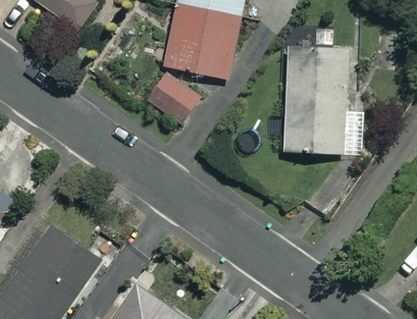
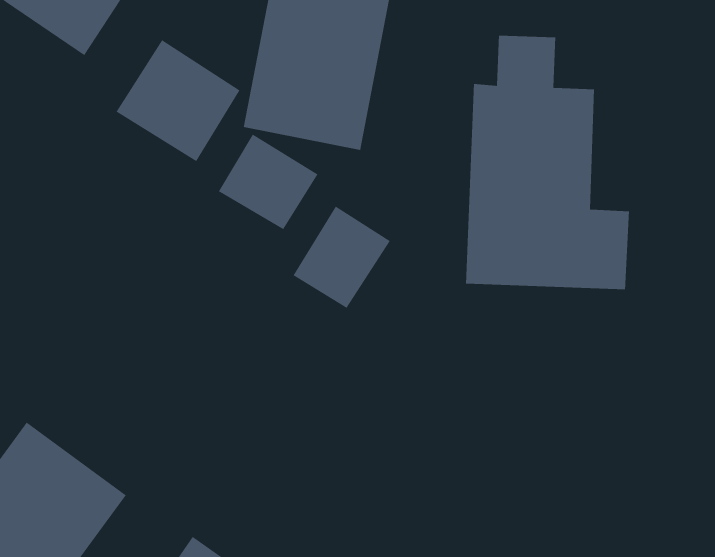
building: none -> [116,39,241,162]
building: none -> [292,205,391,309]

